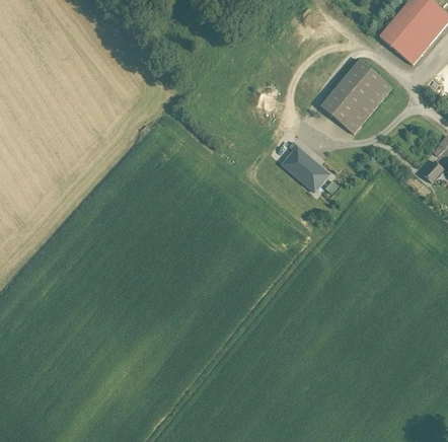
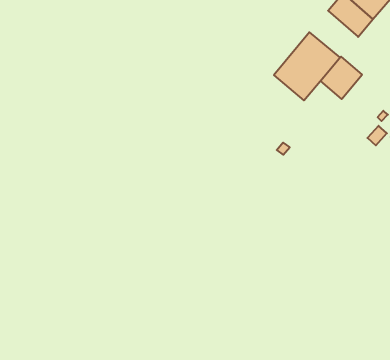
building: none -> [321,57,362,99]
building: [282,146,328,191] -> none

